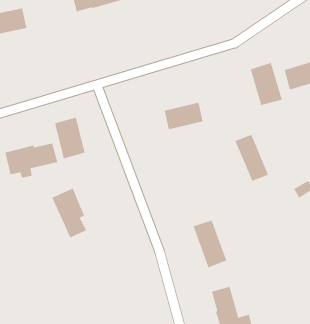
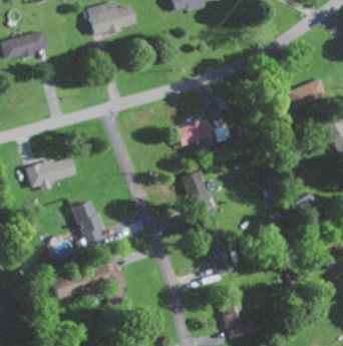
building: [250,62,282,106] -> none
building: [55,117,85,159] -> none
building: [235,134,269,181] -> [183,170,215,215]
building: none -> [50,260,127,303]

